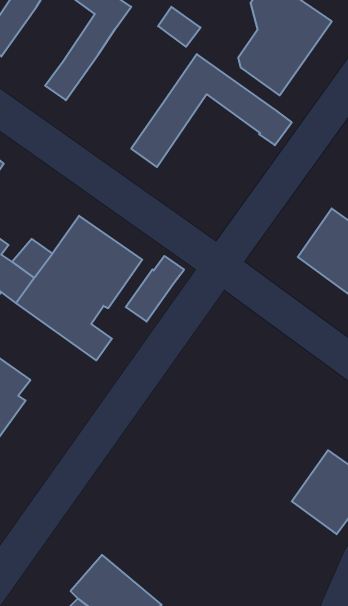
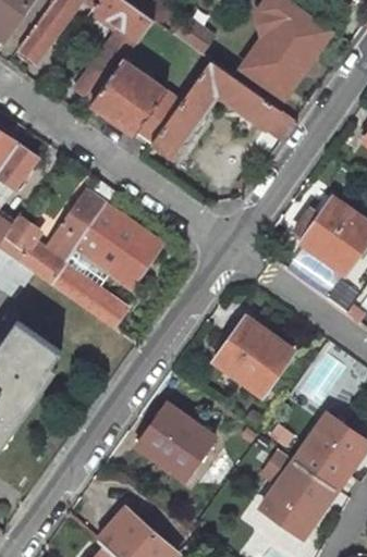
building: none -> [91,60,181,145]
building: [126,256,184,322] -> [62,180,114,238]
building: none -> [215,319,292,394]
building: none -> [137,405,213,479]
building: none -> [261,450,335,537]

